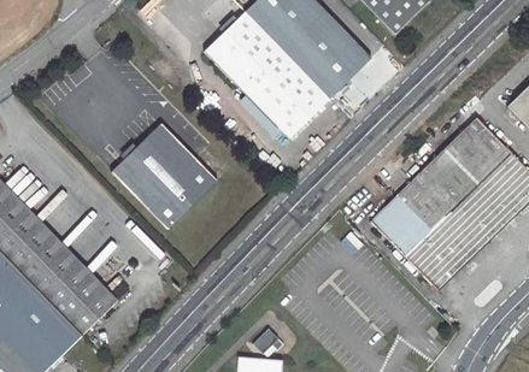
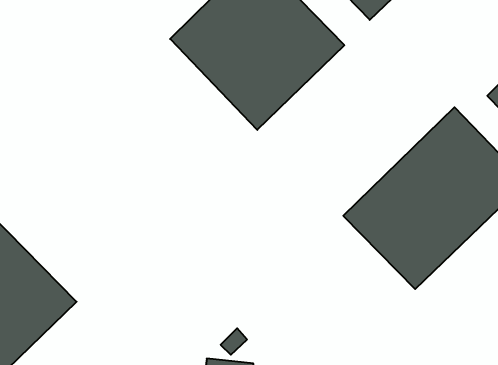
building: [112,124,216,228] -> none

